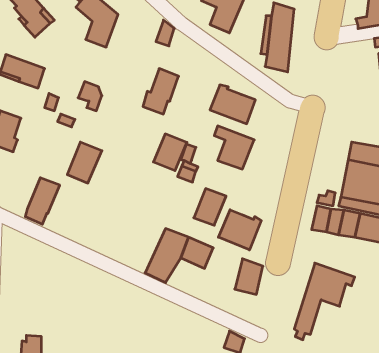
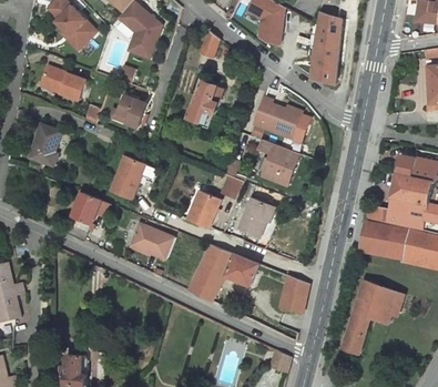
building: [153,134,187,171] -> [189,189,223,226]
building: none -> [131,224,175,261]
building: [218,210,261,250] -> none

